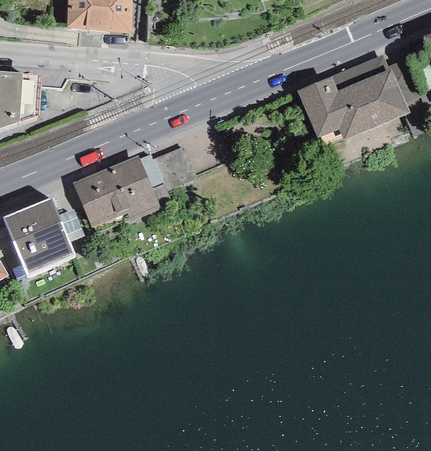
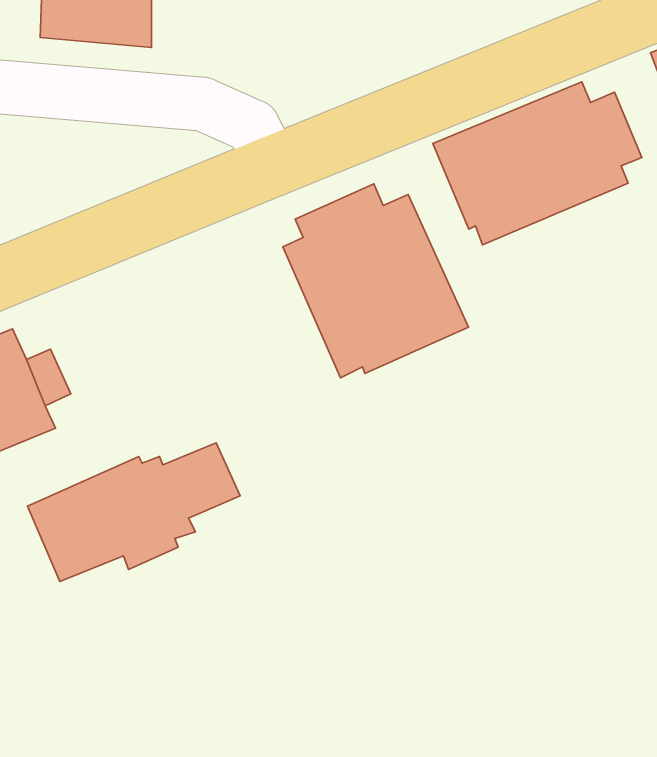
building: none -> [283,184,468,378]
building: [72,146,196,227] -> [27,443,240,582]

